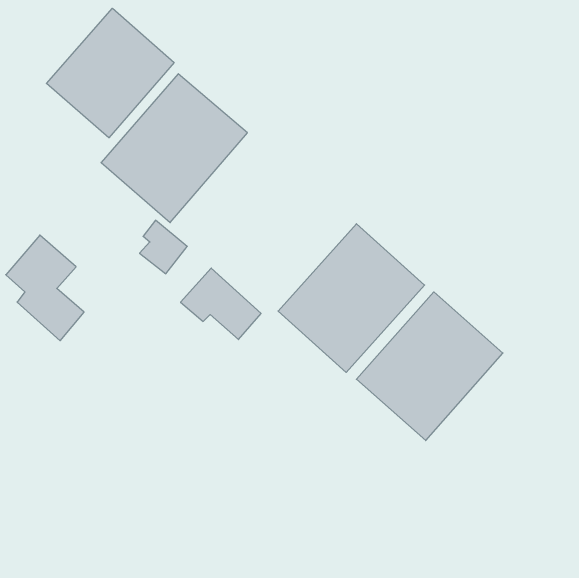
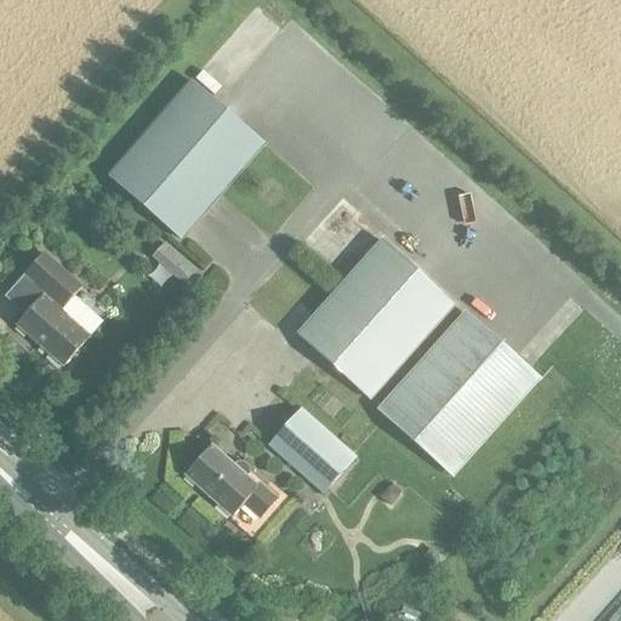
building: [46,8,174,138] -> none
building: [181,268,261,340] -> [268,408,354,484]
building: none -> [184,441,277,514]

